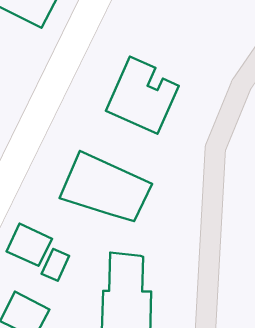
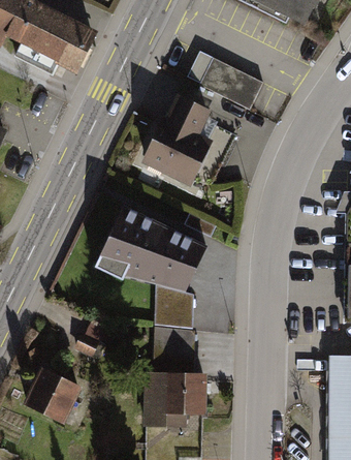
building: none -> [200,61,264,112]
building: none -> [156,284,193,333]
building: [6,224,52,266] -> none

